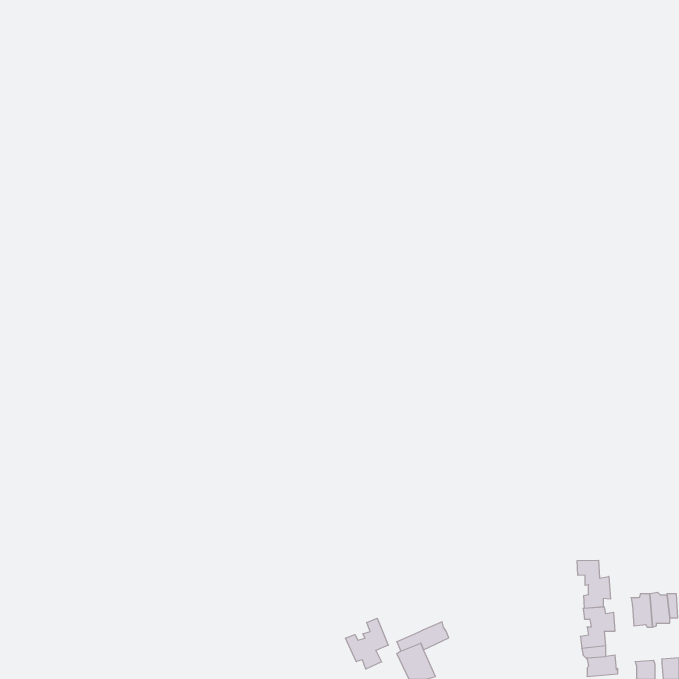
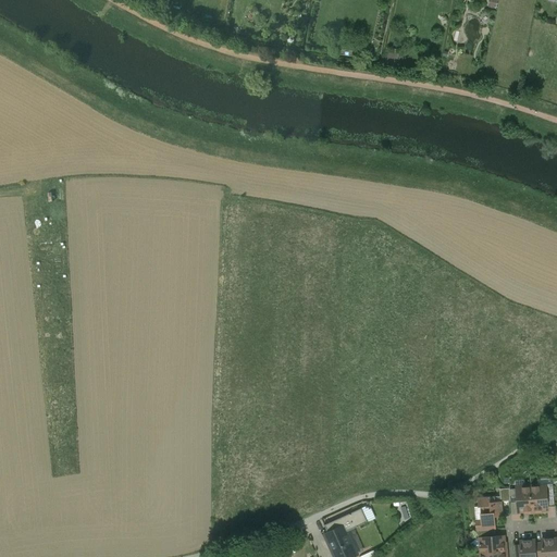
building: [577,560,610,608] -> none
building: [346,618,388,669] -> none

